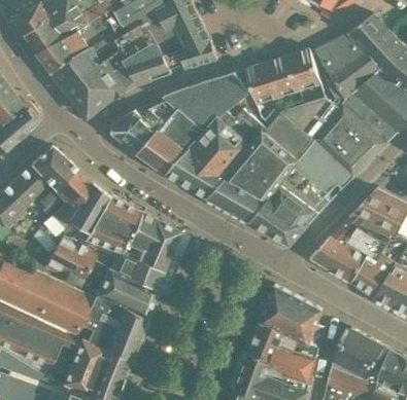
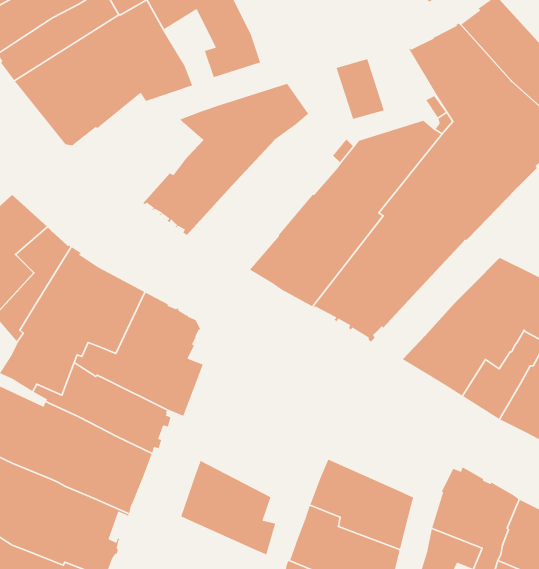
building: [286,49,319,92] -> none
building: [244,63,276,105] -> none
building: [111,98,176,153] -> none
building: [166,110,266,197] -> none
building: [260,285,324,349] -> [180,460,276,556]

